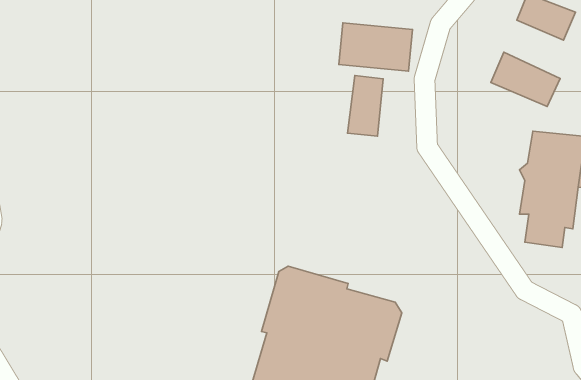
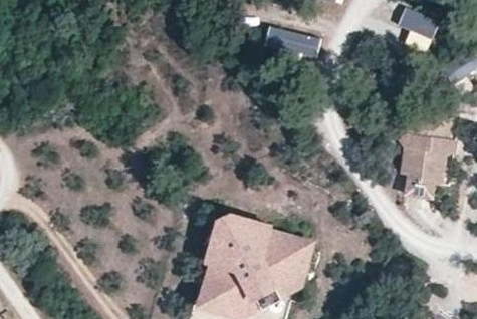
building: [491,52,560,106] -> none
building: [348,75,383,136] -> none

